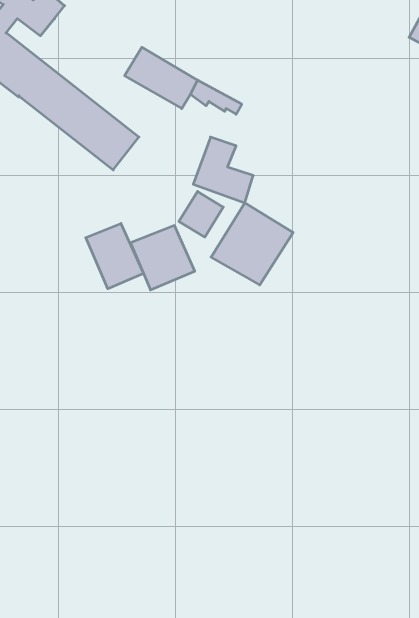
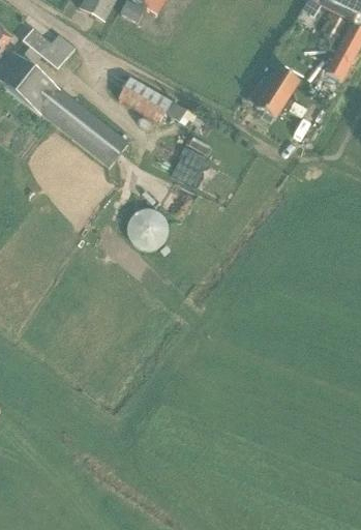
building: none -> [247,68,299,117]
building: [211,203,293,285] -> none
building: [86,223,143,289] -> none

